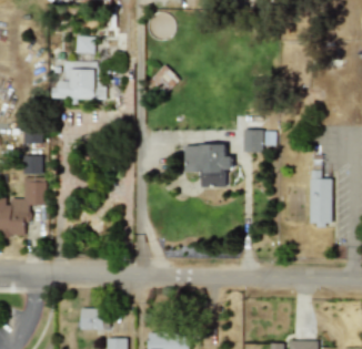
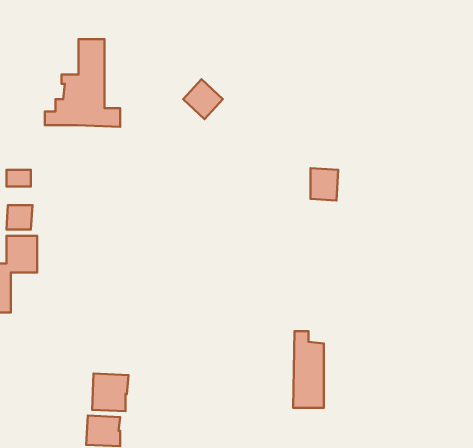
building: [184,145,233,187] -> none
building: [310,171,332,226] -> [293,331,324,408]
building: none -> [92,374,129,411]

